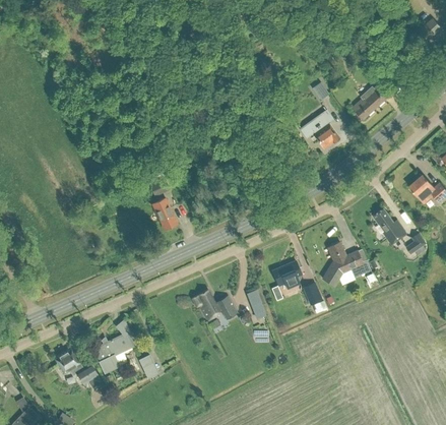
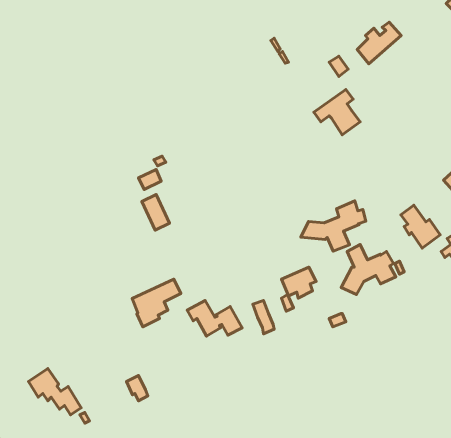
building: [354,84,391,120] -> [357,22,401,64]
building: none -> [301,201,366,251]
building: [94,330,136,371] -> [132,279,181,327]

